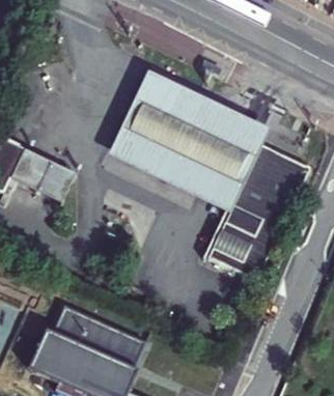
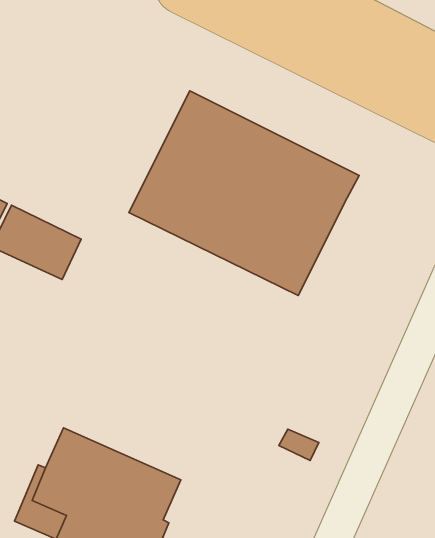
building: [208,144,310,277] -> none

